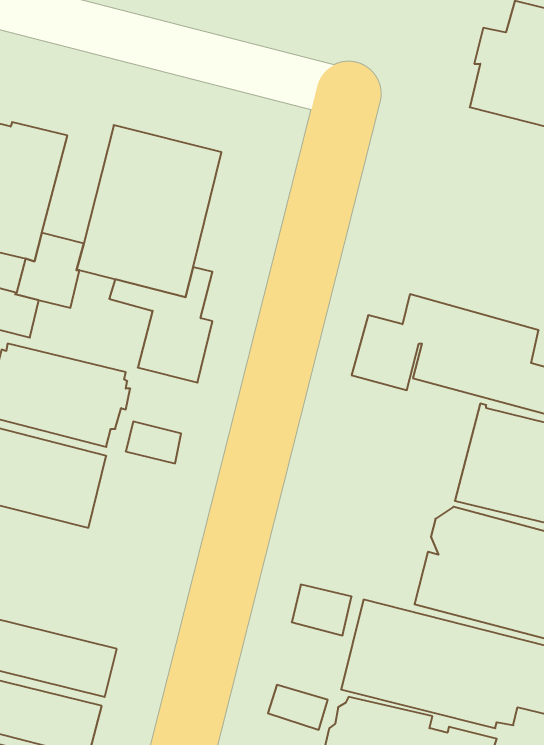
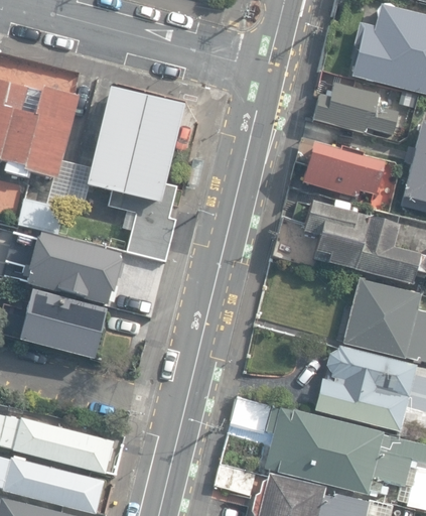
building: none -> [311,82,397,134]
building: none -> [297,138,382,198]

